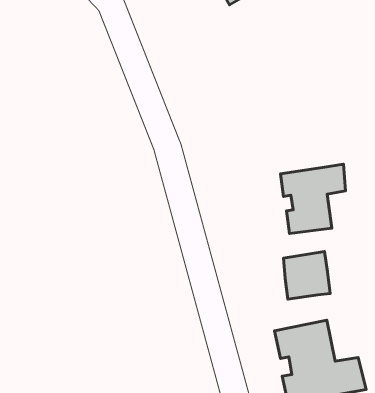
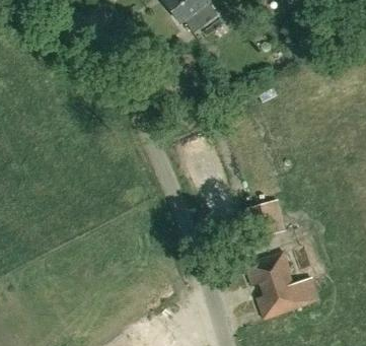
building: [281,164,346,234] -> none

